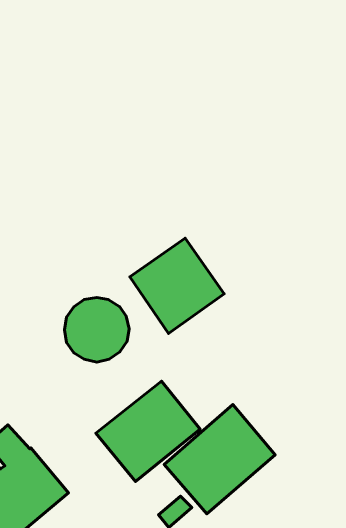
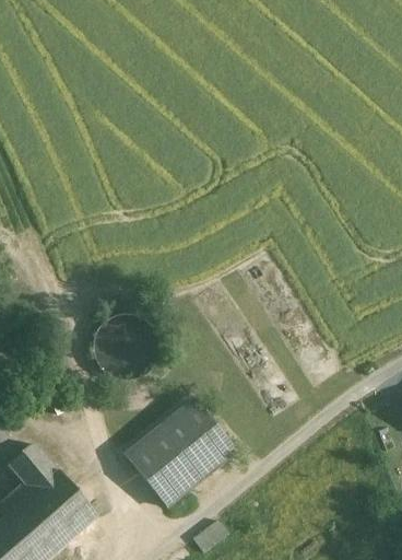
building: [130,238,224,334] -> none
building: [164,404,275,514] -> none

